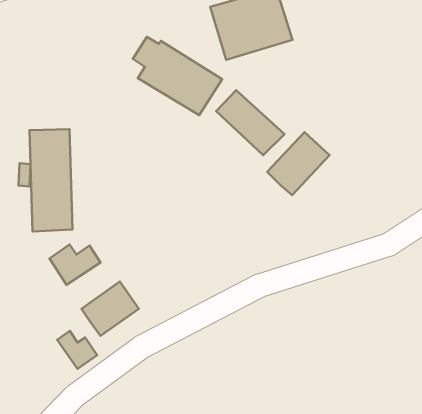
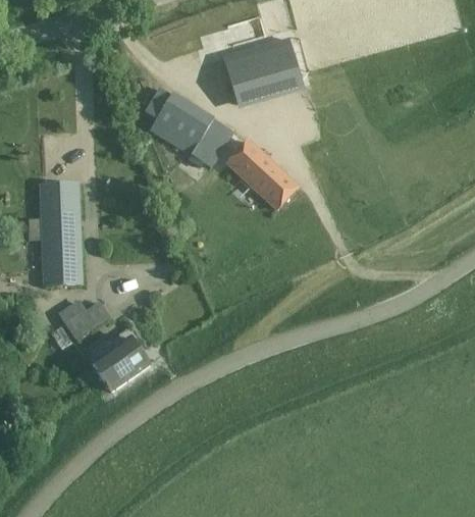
building: [267,132,329,195] -> none
building: [57,331,97,369] -> none

